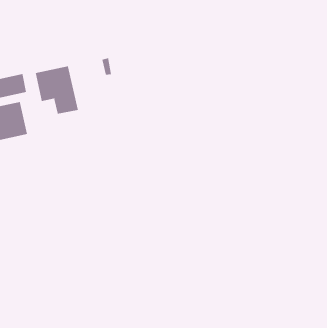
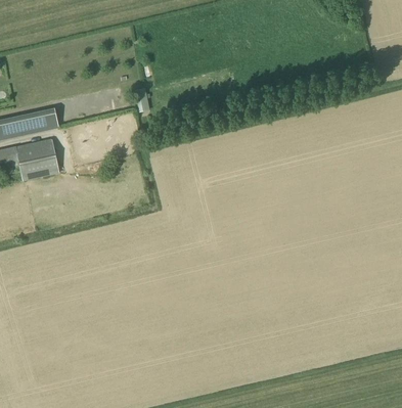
building: [35,65,79,114] -> none

